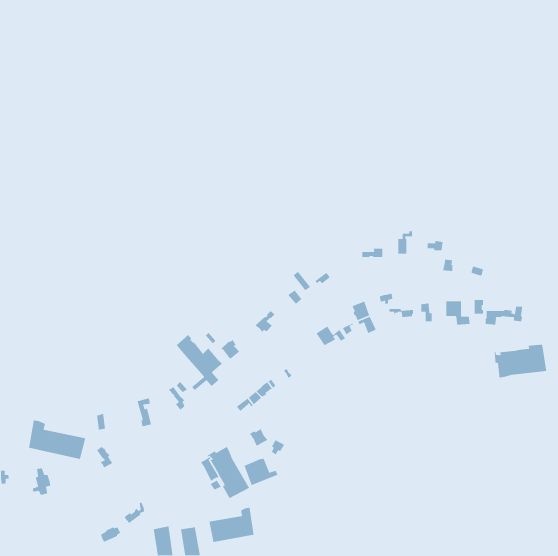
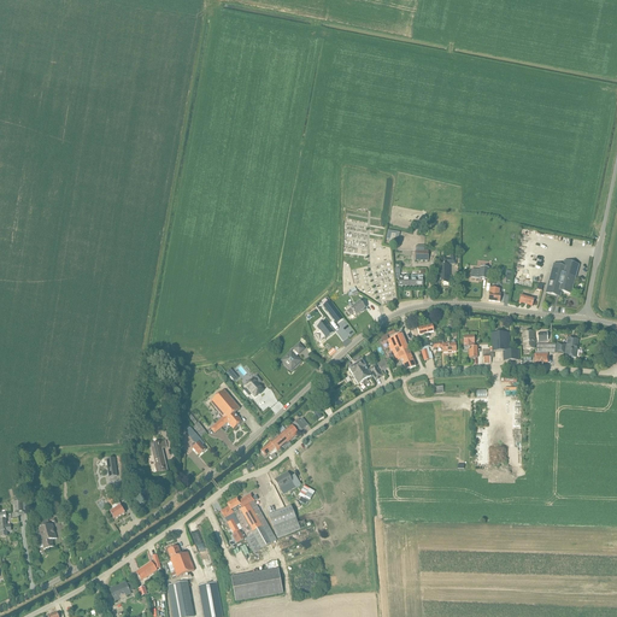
building: none -> [545,259,580,295]
building: [494,344,547,379] -> none
building: [28,419,86,460] -> none
building: none -> [168,543,194,577]

